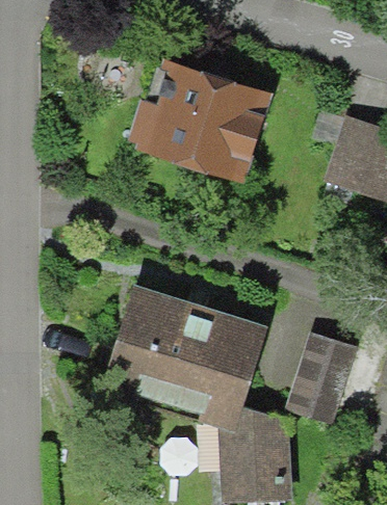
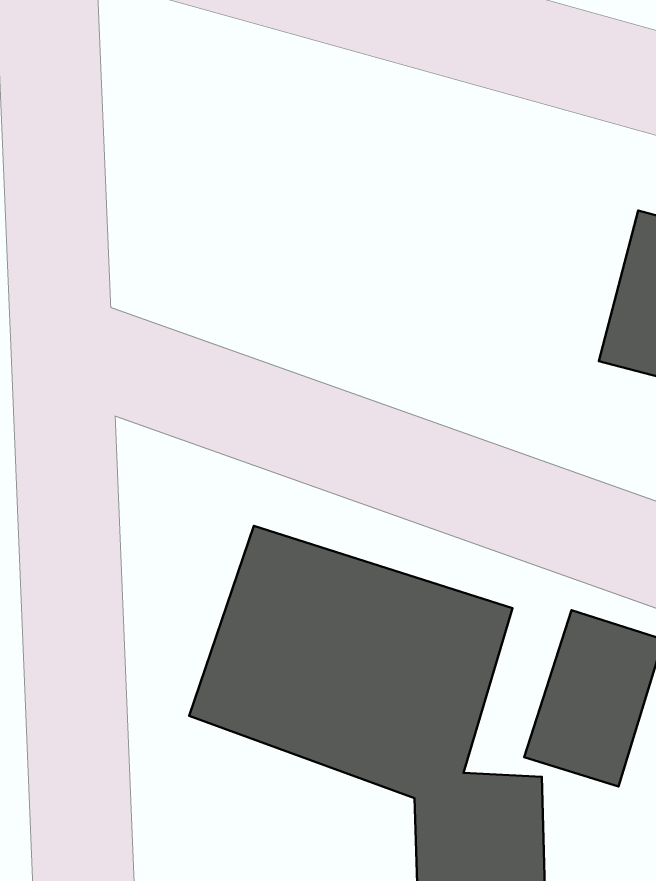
building: [131,57,279,183] -> none

